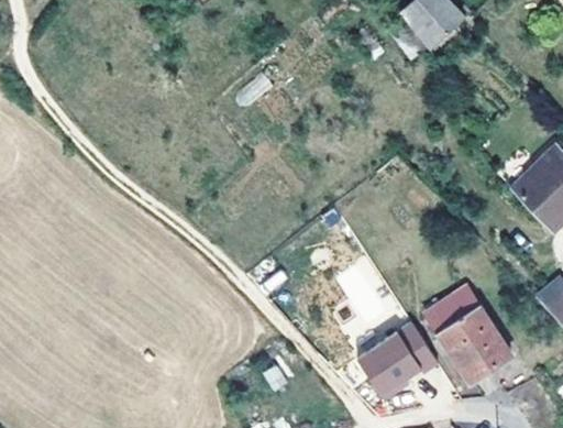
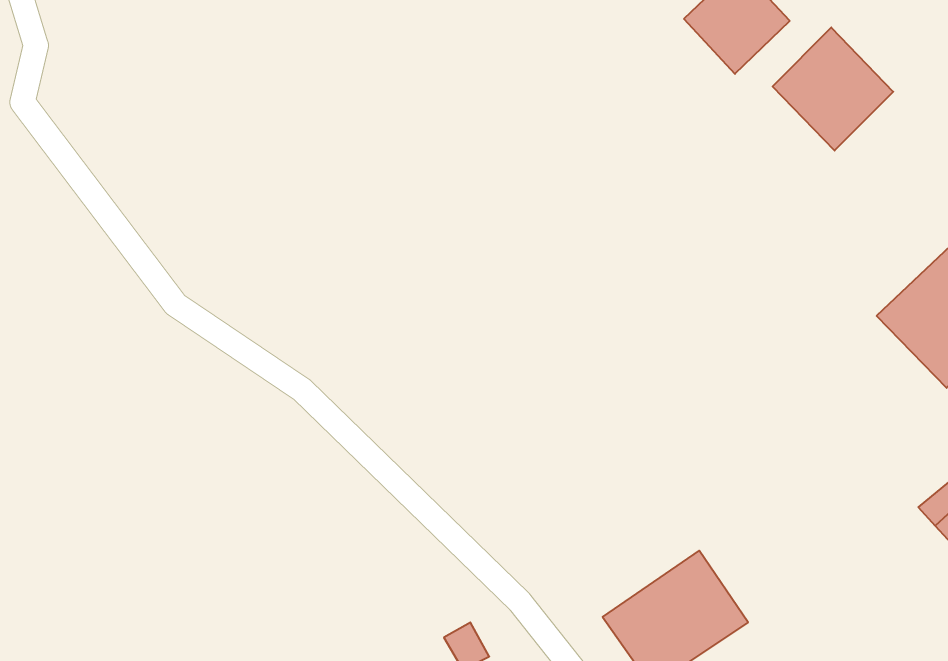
building: none -> [773,27,893,151]
building: [426,286,511,382] -> none

